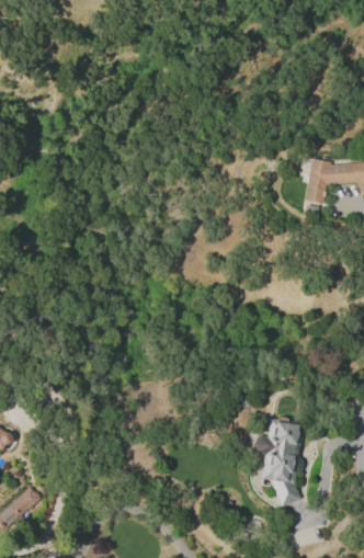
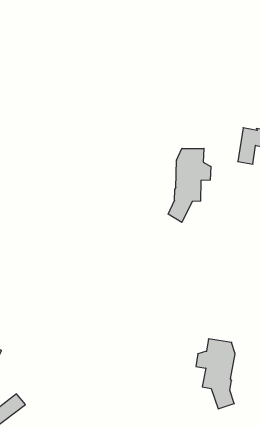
building: none -> [168,148,211,222]

